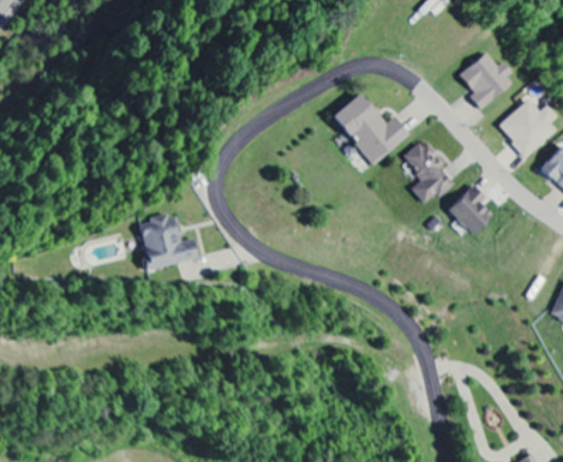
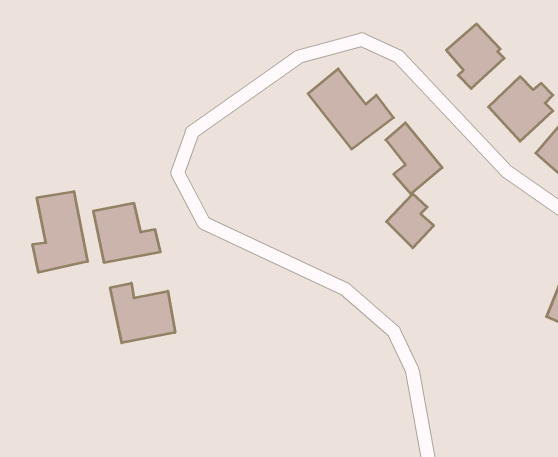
building: [449,185,492,234] -> [386,194,434,248]
building: none -> [33,191,88,272]
building: none -> [110,283,175,343]

